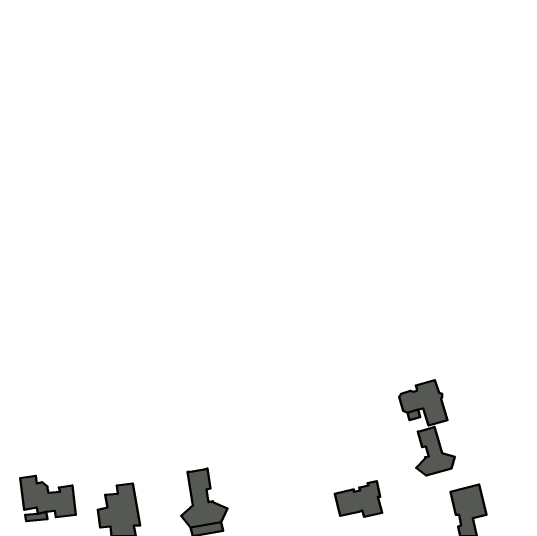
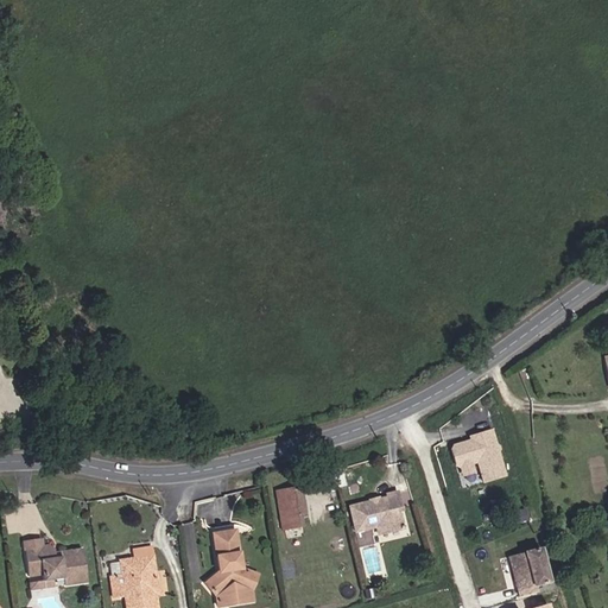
building: [416,427,455,476] -> none
building: none -> [276,484,306,528]
building: [335,481,382,517] -> [350,490,404,531]

